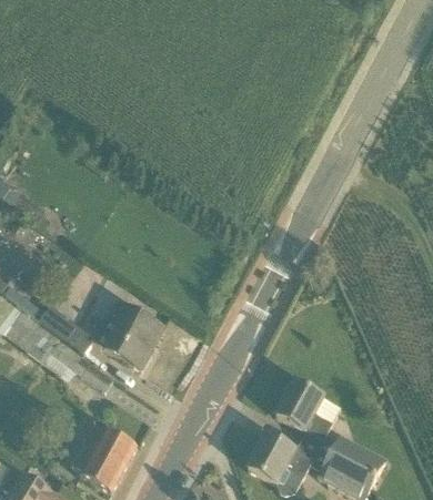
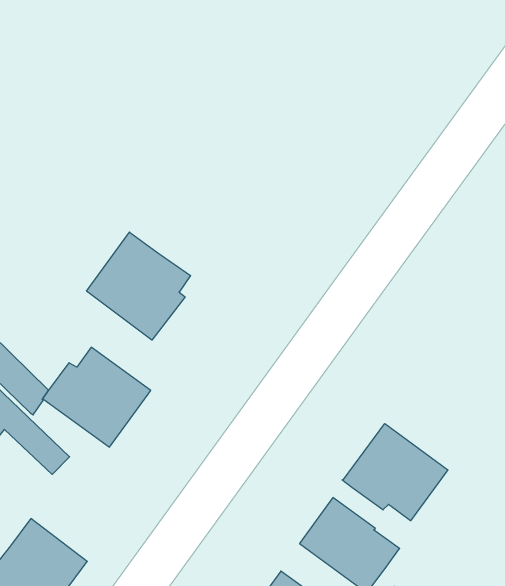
building: none -> [87,232,191,340]
building: none -> [342,424,448,521]

